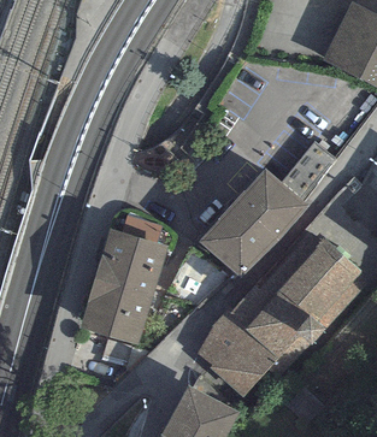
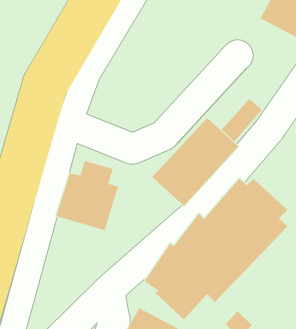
building: [79,280,151,344] -> none

